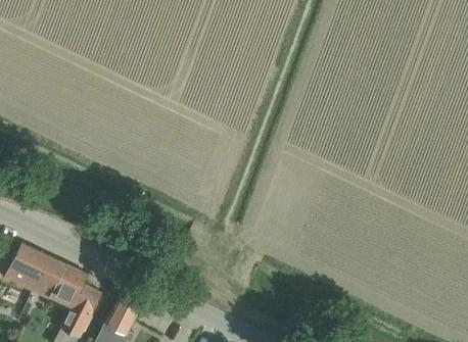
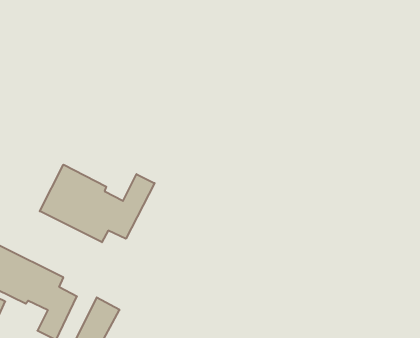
building: none -> [40,165,155,242]

